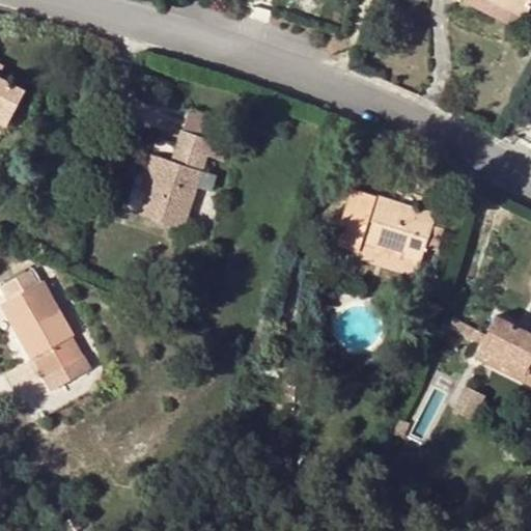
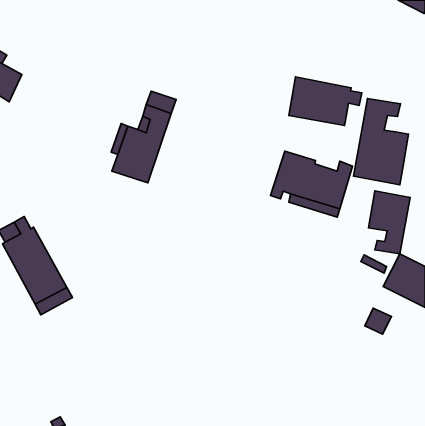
building: none -> [289,77,362,125]
building: none -> [354,98,408,185]
building: none -> [369,191,410,254]

